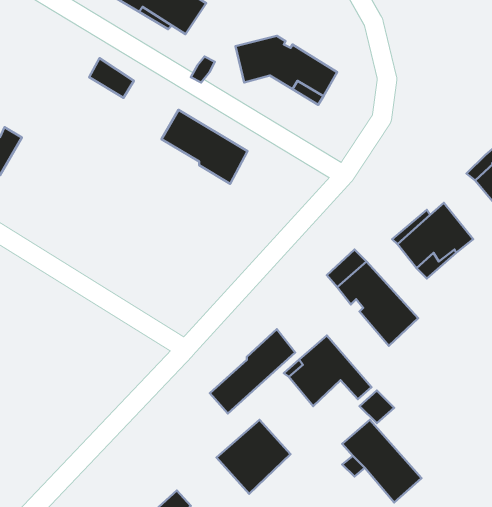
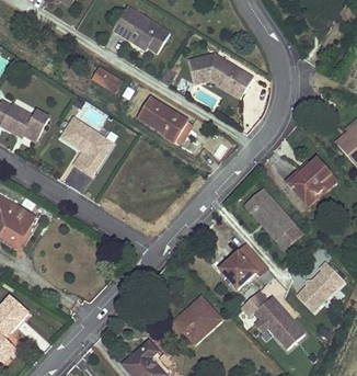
building: none -> [62,117,108,176]
building: [210,329,295,413] -> none
building: none -> [297,262,344,311]

